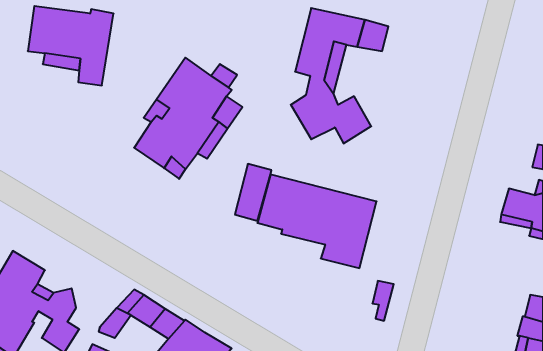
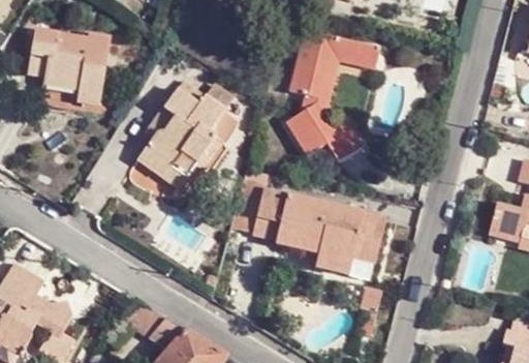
building: none -> [356,215,390,267]

